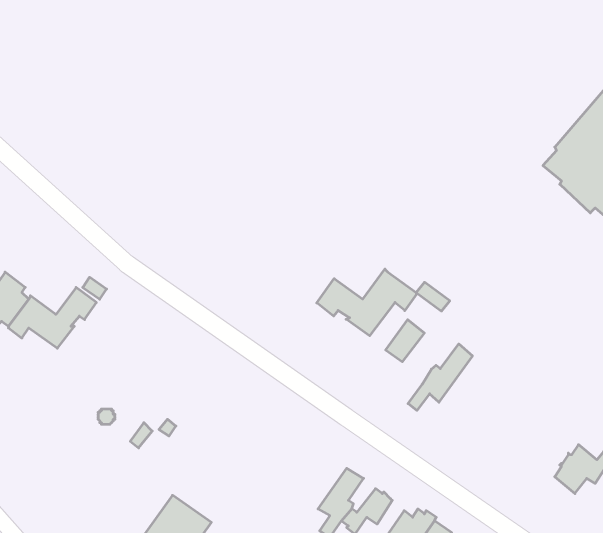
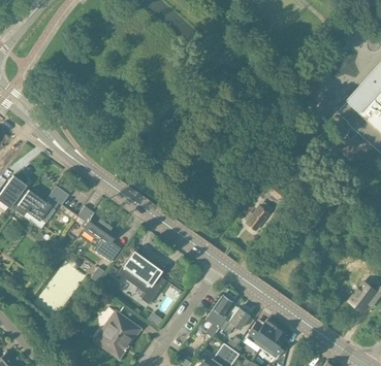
building: [317,269,416,336] -> none
building: none -> [77,206,121,264]
building: [408,344,472,410] -> none
building: none -> [116,251,166,304]

